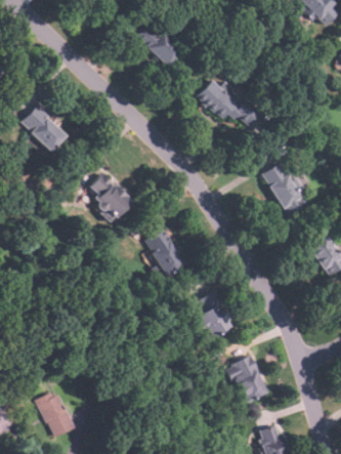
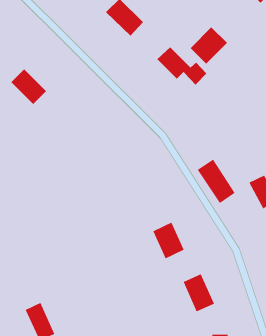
building: none -> [190,27,228,64]
building: [262,161,309,215] -> [197,159,236,204]
building: [89,172,130,220] -> none
building: [145,229,185,276] -> none

